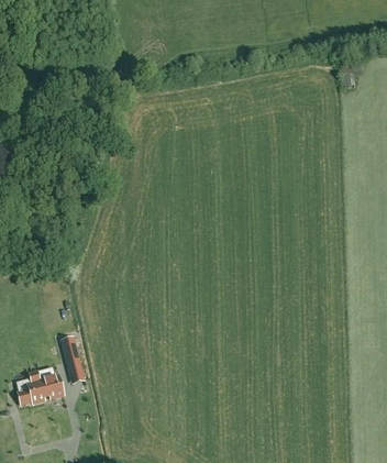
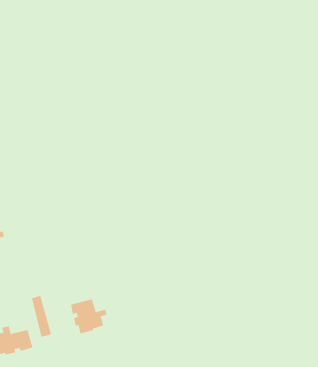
building: none -> [71,298,107,334]

